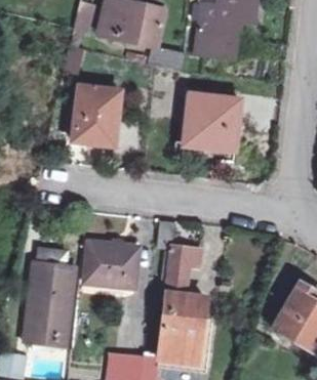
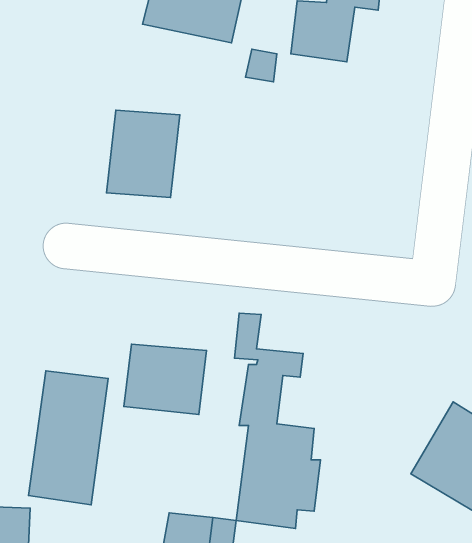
building: [185,92,241,150] -> none

